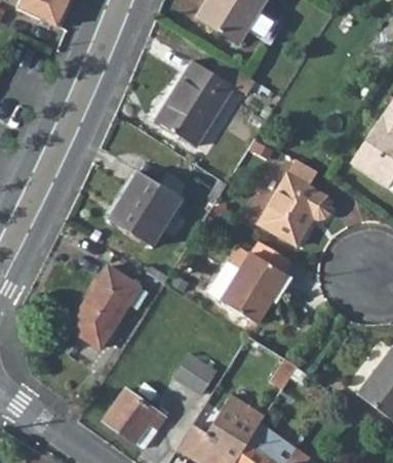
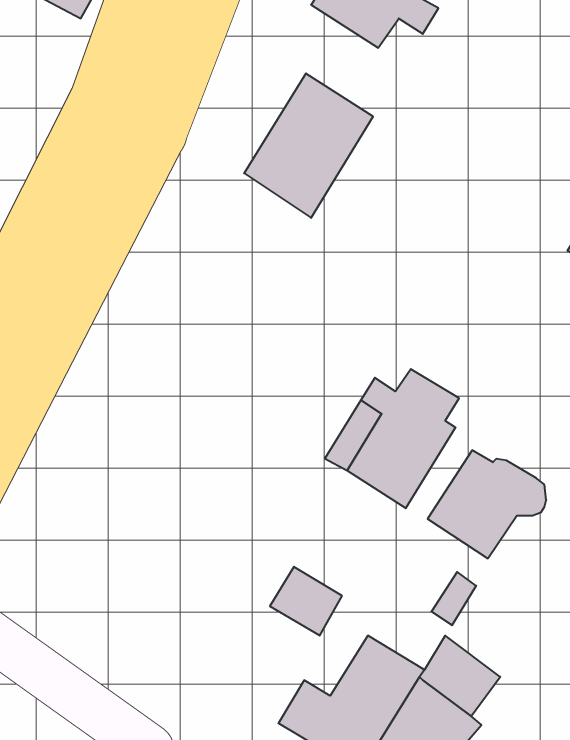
building: [112,172,183,245] -> none
building: [259,174,329,239] -> [428,450,546,558]
building: [71,265,140,346] -> none
building: [104,388,166,448] -> none

